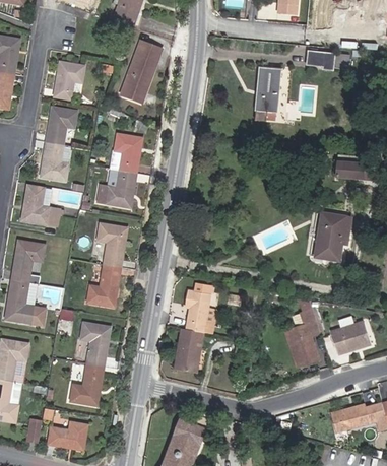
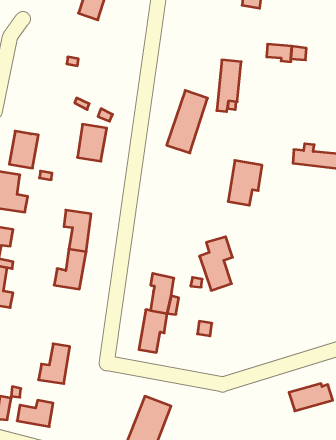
building: [119,38,162,103] -> [167,90,208,153]
building: [53,61,82,101] -> none
building: [46,107,76,144] -> none
building: [96,169,135,207] -> none
building: [317,212,352,259] -> [228,160,262,205]
building: [286,310,321,365] -> [199,237,233,290]
building: [331,321,371,353] -> none
building: [80,323,110,365] -> none

